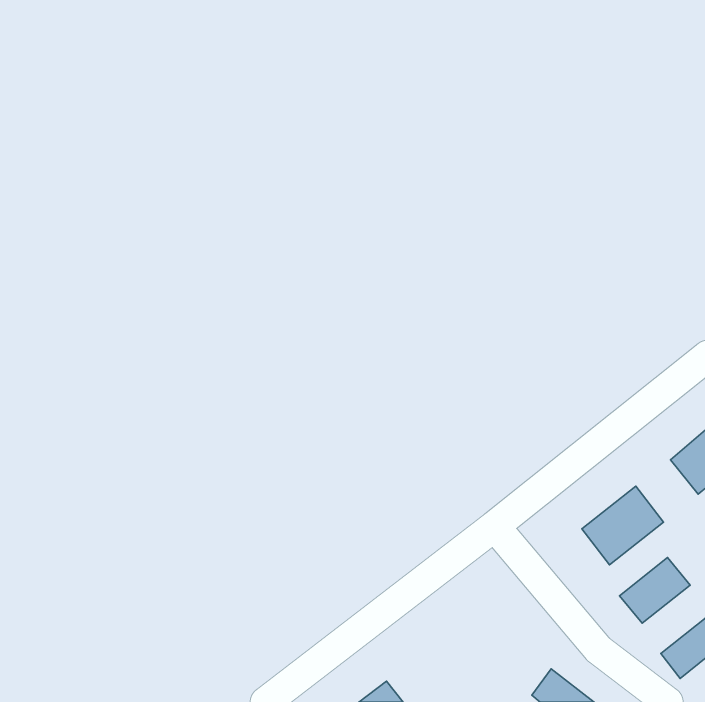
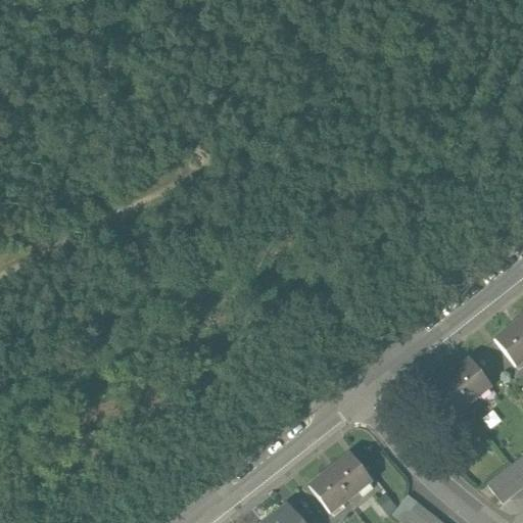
building: [619,558,690,623] -> none
building: none -> [311,454,372,511]

